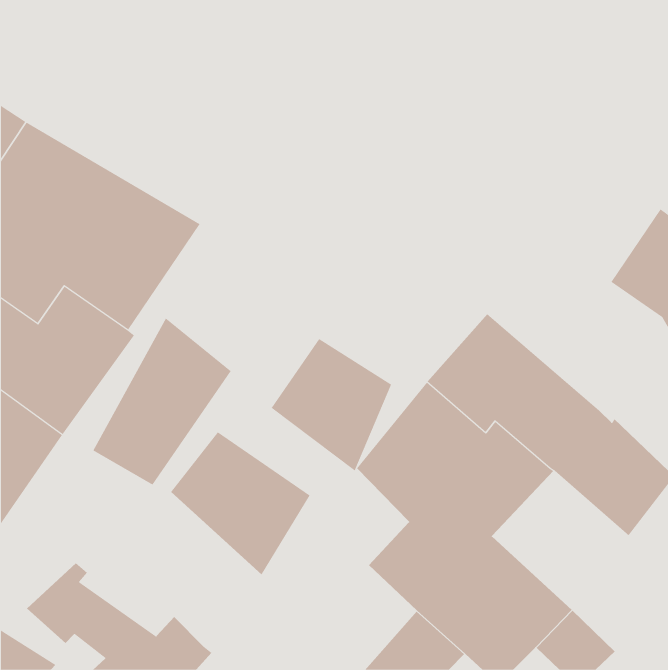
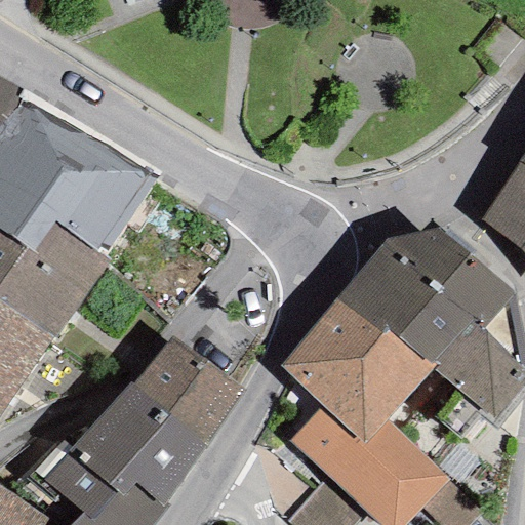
building: none -> [382,229,514,330]
building: [92,317,231,486] -> none
building: [271,338,392,471] -> none
building: none -> [64,380,206,506]

